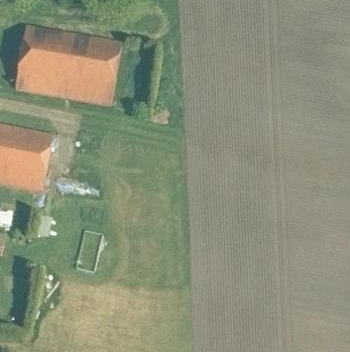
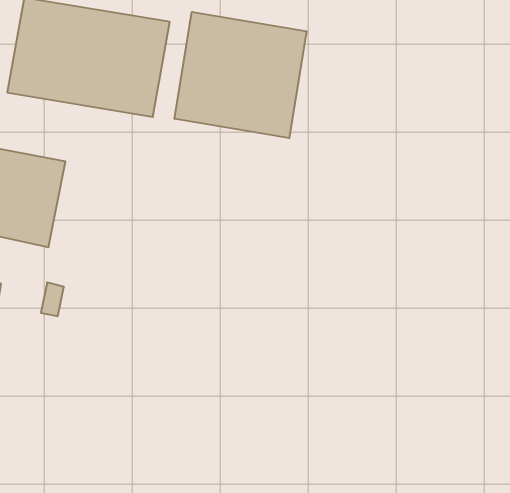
building: none -> [175,12,307,138]

